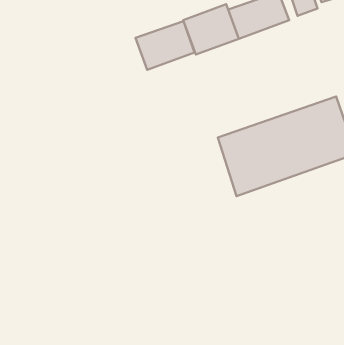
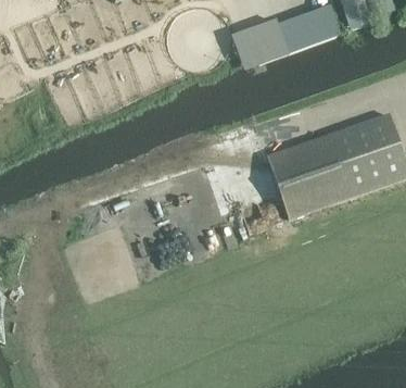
building: [135,21,195,70] -> none

